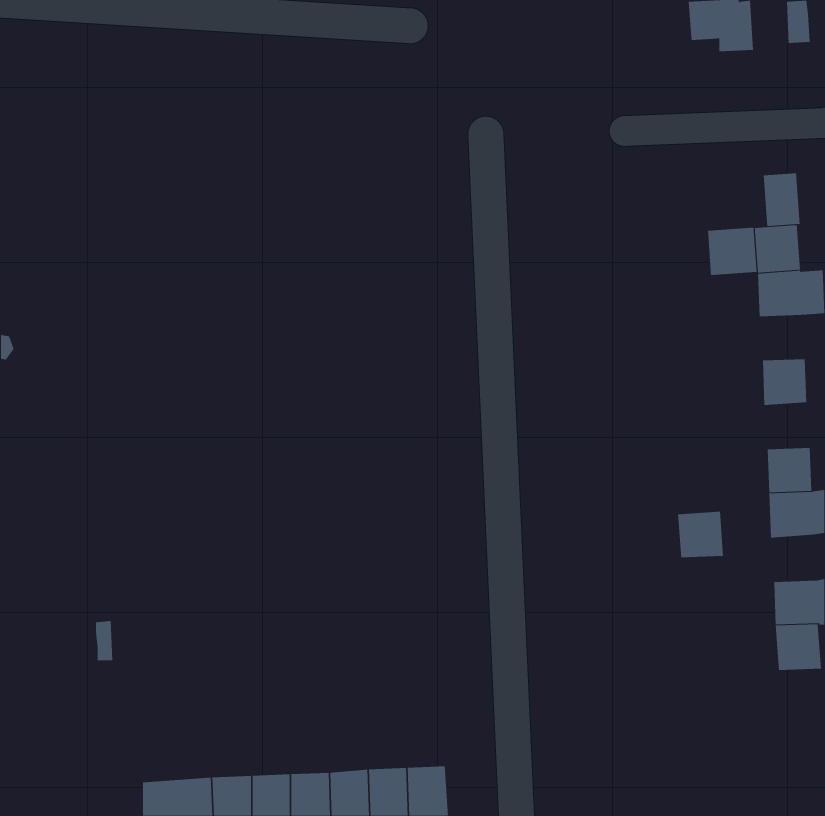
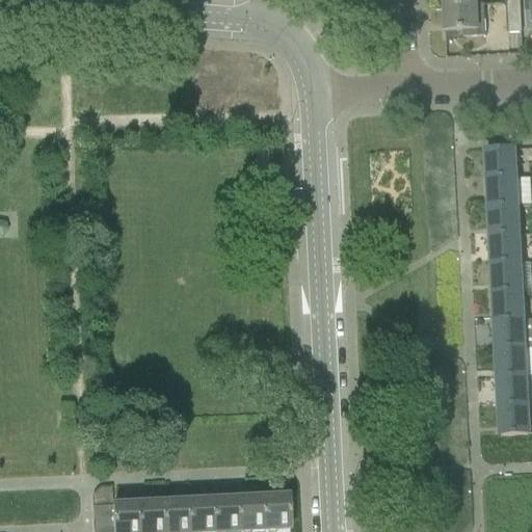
building: [763,172,800,227] -> none
building: [707,227,757,276] -> none
building: none -> [488,203,518,232]
building: none -> [491,259,522,289]
building: [677,511,724,558] -> [496,344,526,374]

